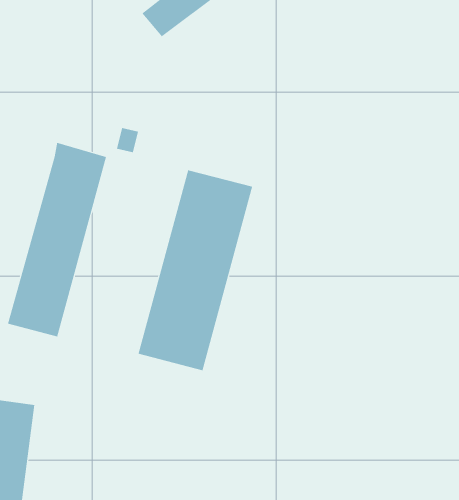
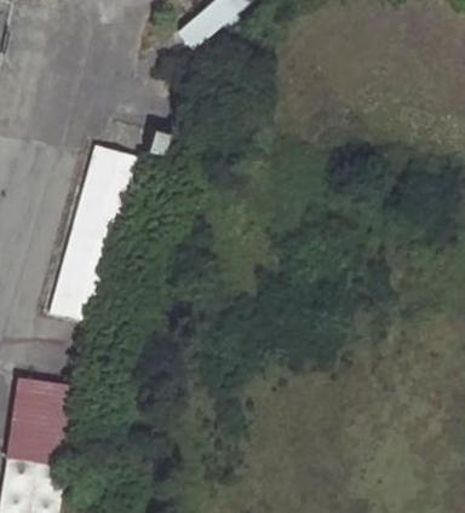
building: [138,169,253,371] -> none

